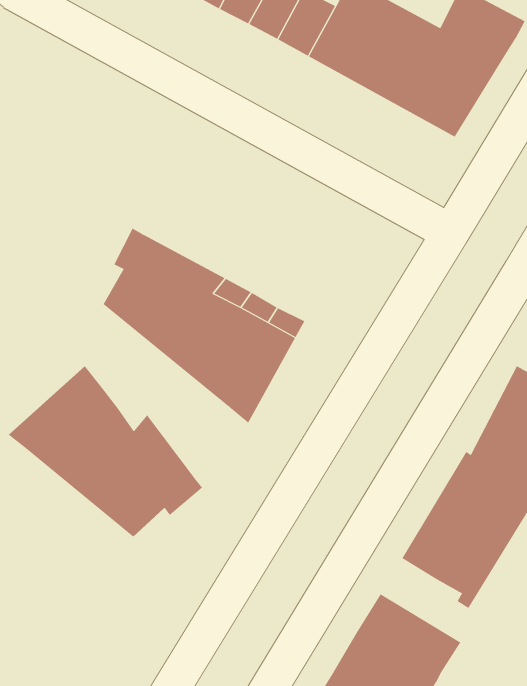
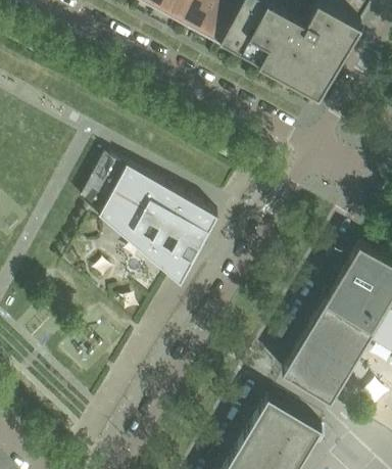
building: [8,365,203,538] -> none

